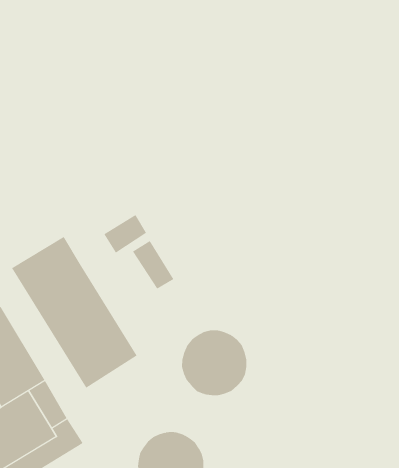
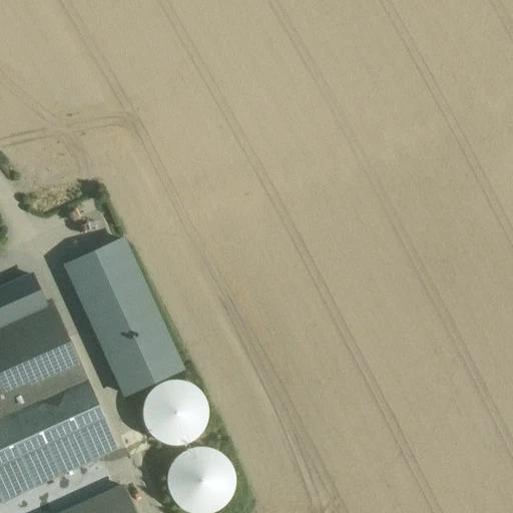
building: [103,214,147,254] -> none
building: [132,240,174,290] -> none
building: [181,330,247,396] -> [141,380,207,446]

